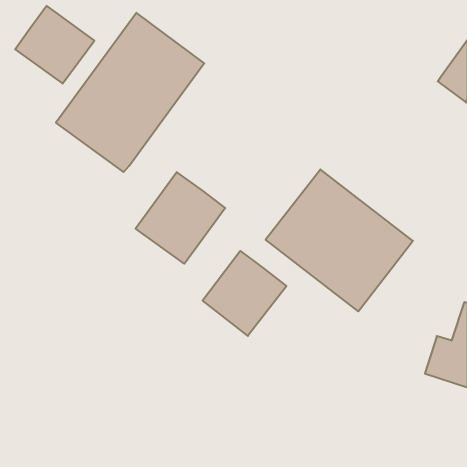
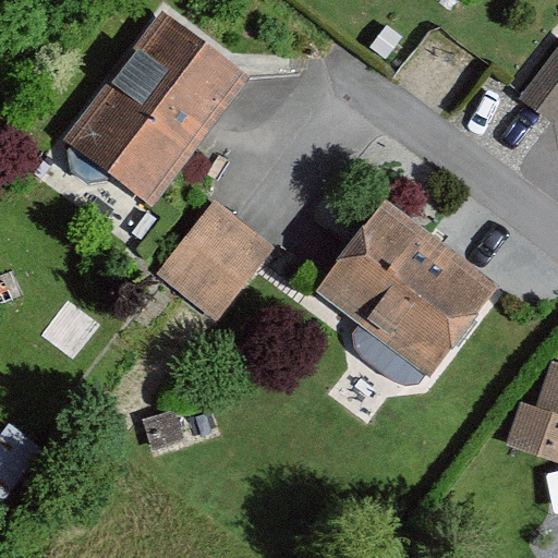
building: [15,6,94,84] -> none
building: [203,251,286,336] -> none

